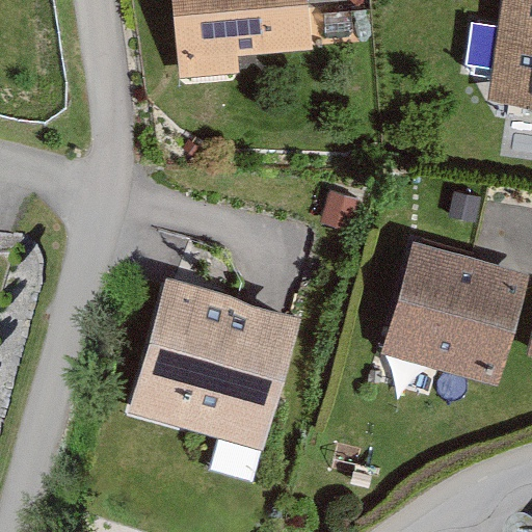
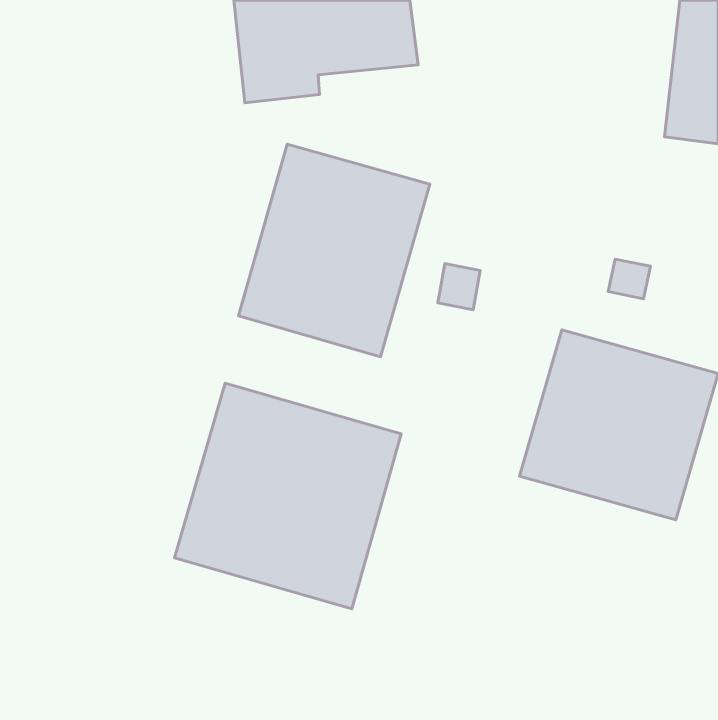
building: none -> [239,144,430,357]

